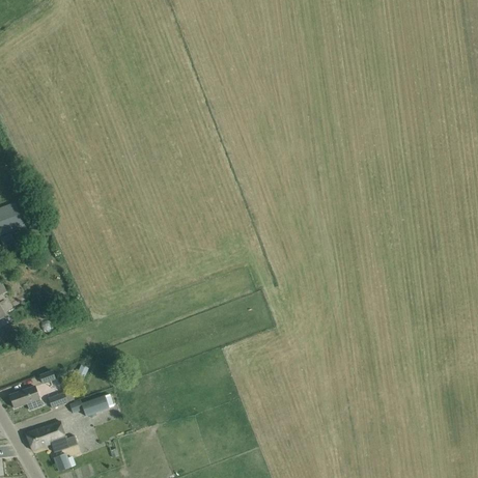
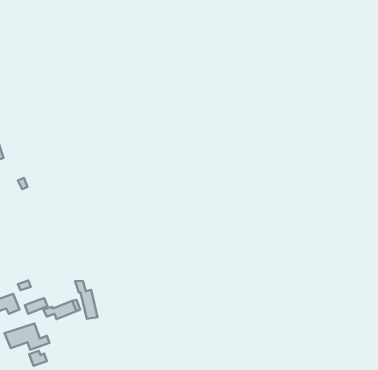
building: none -> [75,281,98,319]

